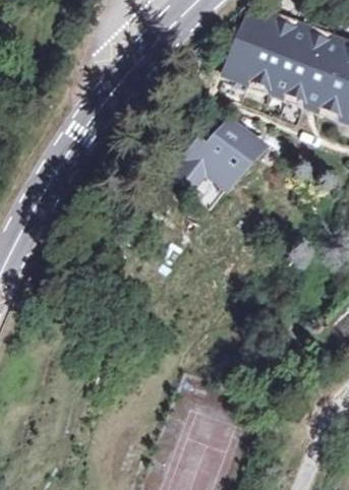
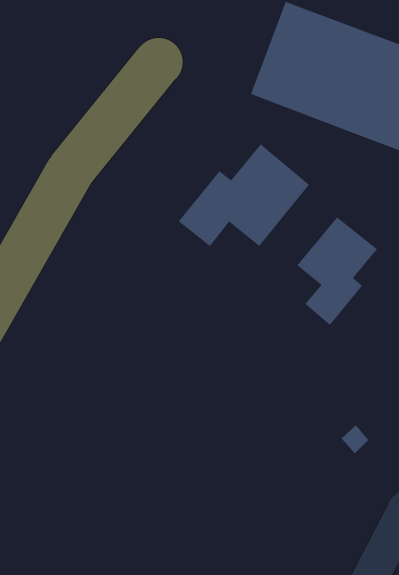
building: none -> [296,216,378,326]

